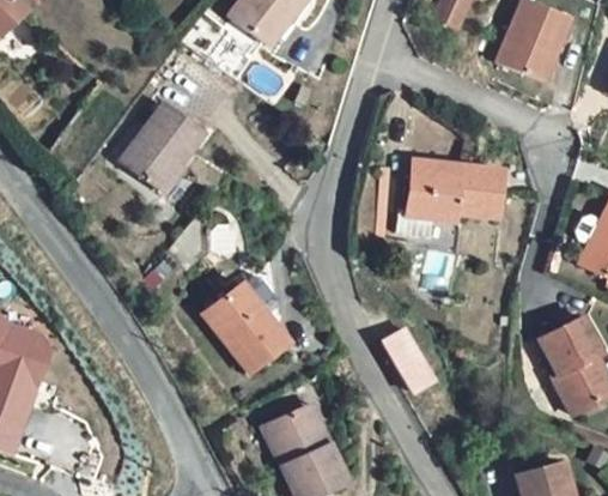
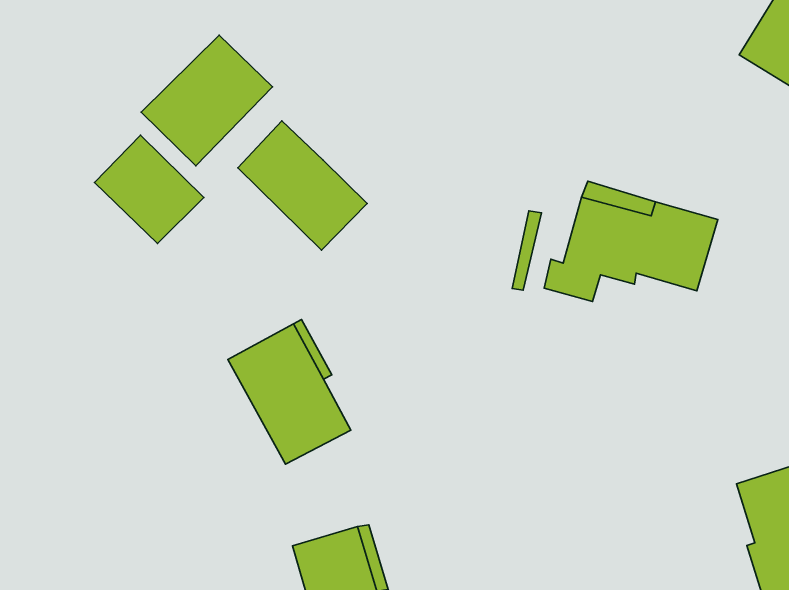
building: none -> [238,121,367,250]
building: none -> [94,135,204,244]
building: [383,327,433,391] -> none

